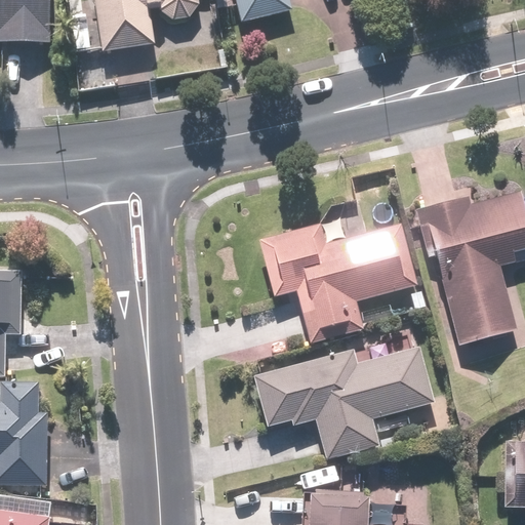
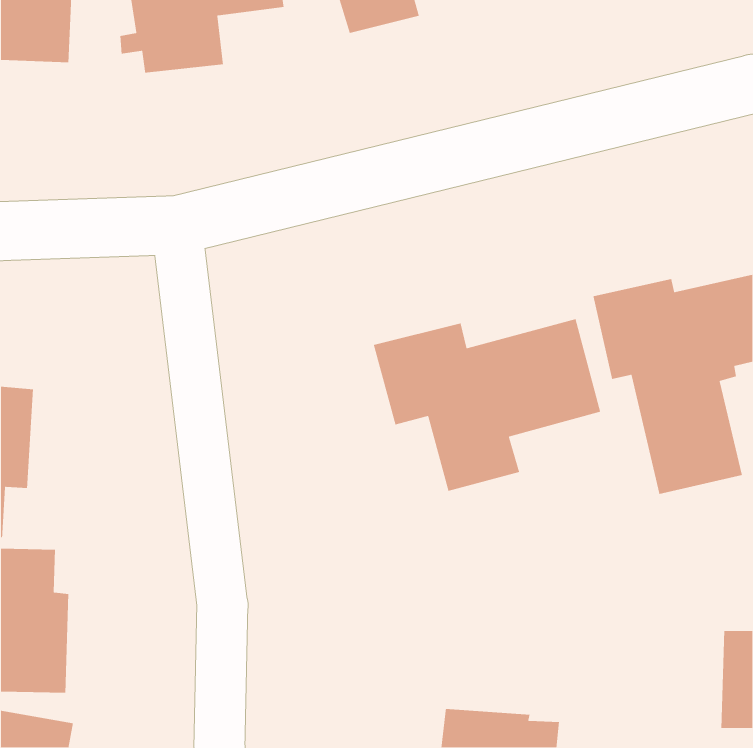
building: [250,344,439,463] -> none

